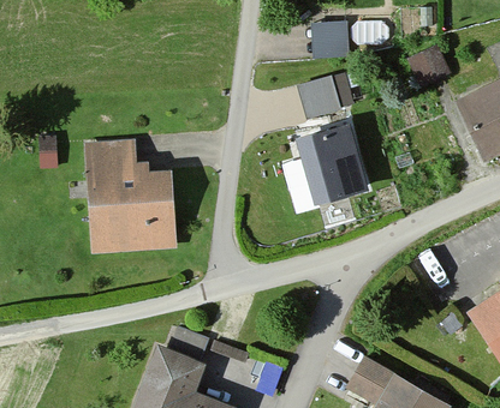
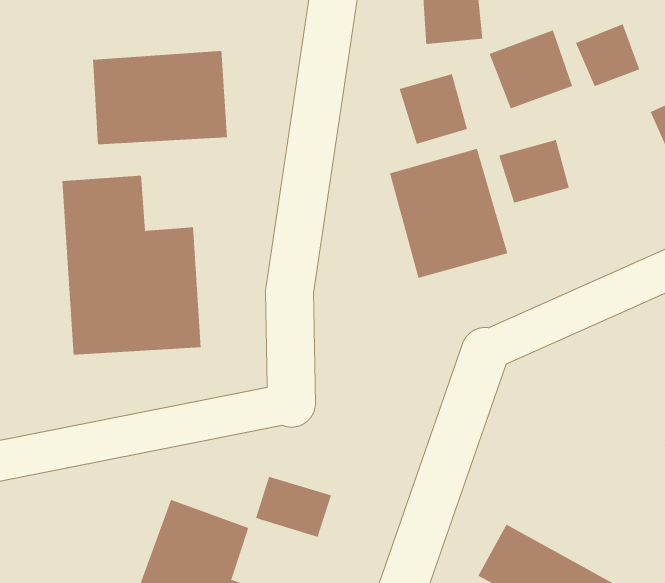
building: none -> [489,29,573,109]
building: none -> [92,50,228,145]
building: none -> [499,139,570,203]

